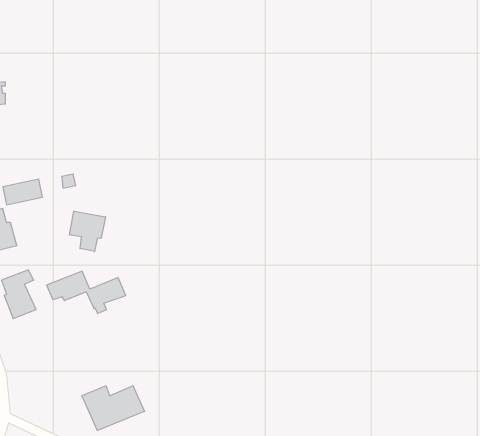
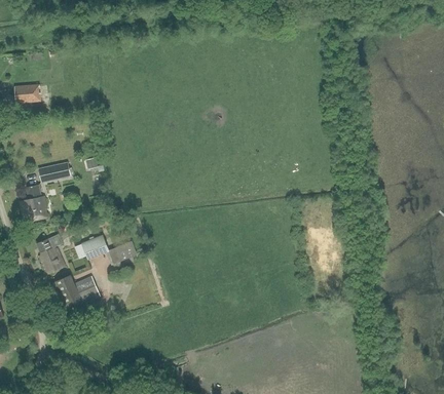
building: [70,211,106,252] -> none
building: [82,386,145,430] -> [49,276,100,312]

